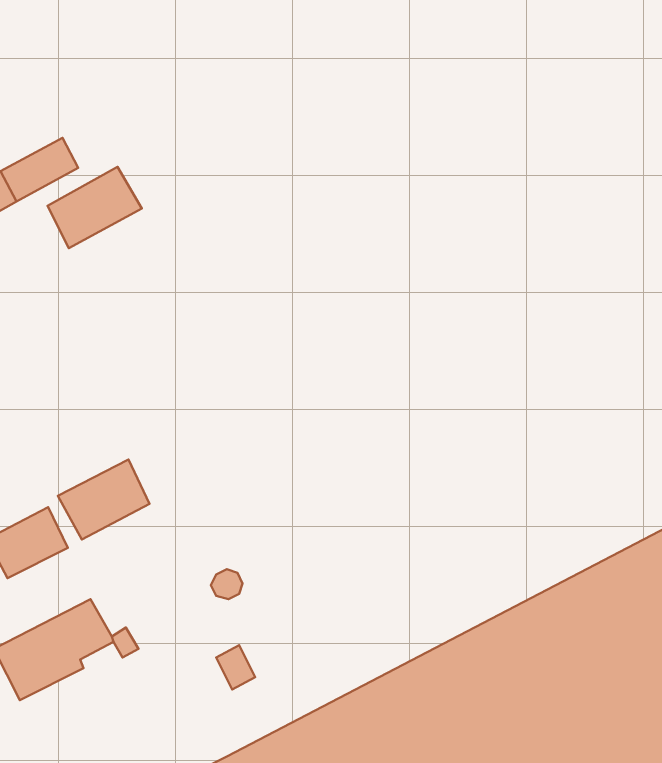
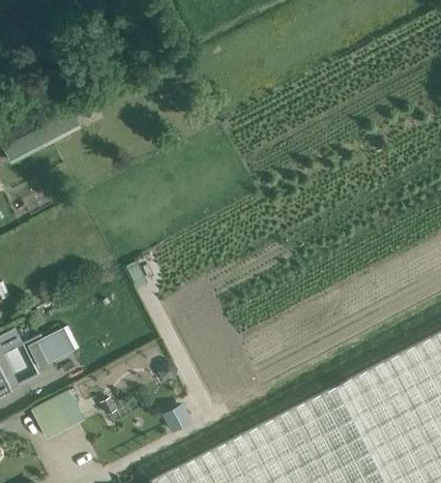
building: [47,167,142,248] -> none
building: [58,460,150,540] -> none

